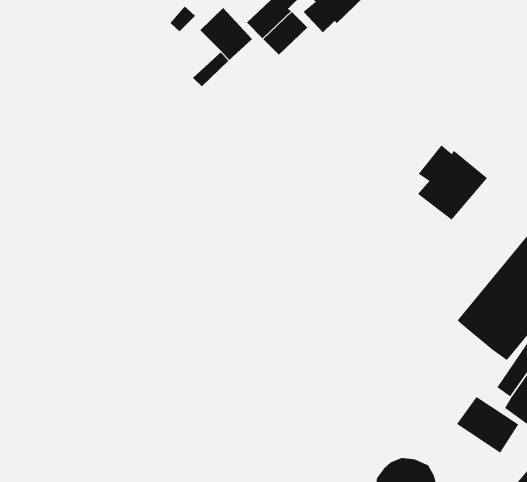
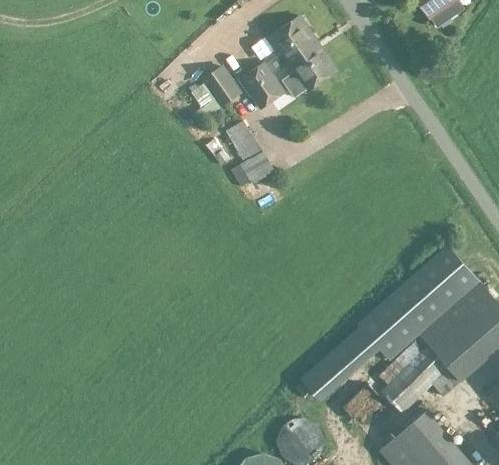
building: none -> [225,121,274,184]
building: [417,145,488,221] -> none
building: none -> [299,327,379,402]

